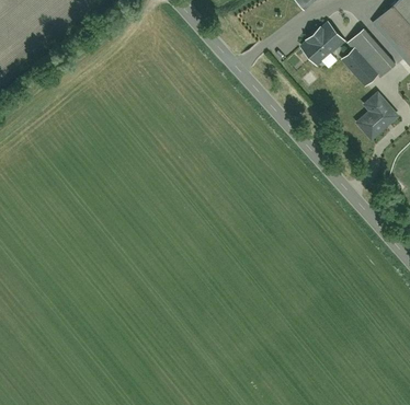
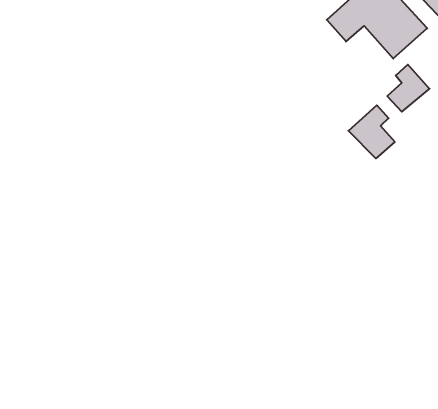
building: none -> [348,105,395,158]

